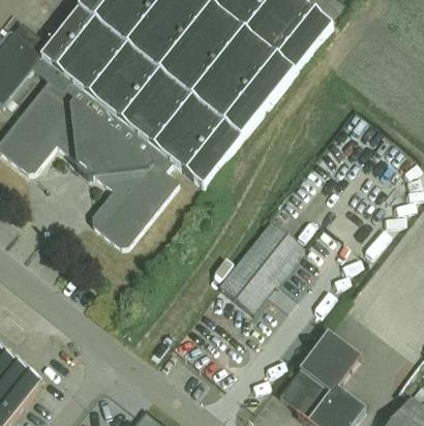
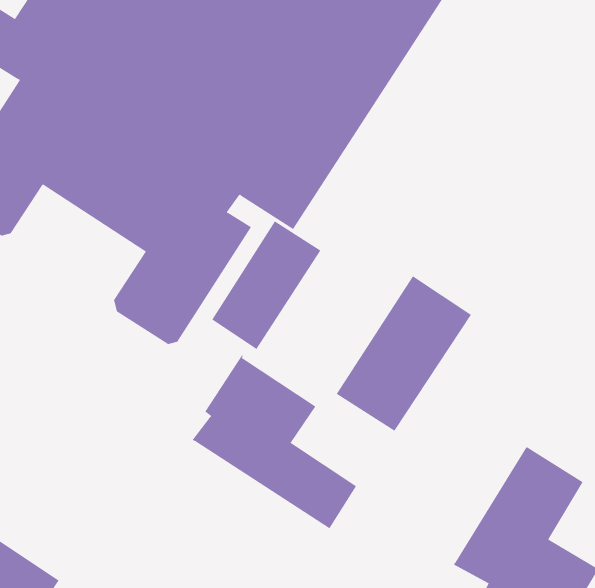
building: none -> [211,221,321,350]
building: none -> [192,354,357,529]

